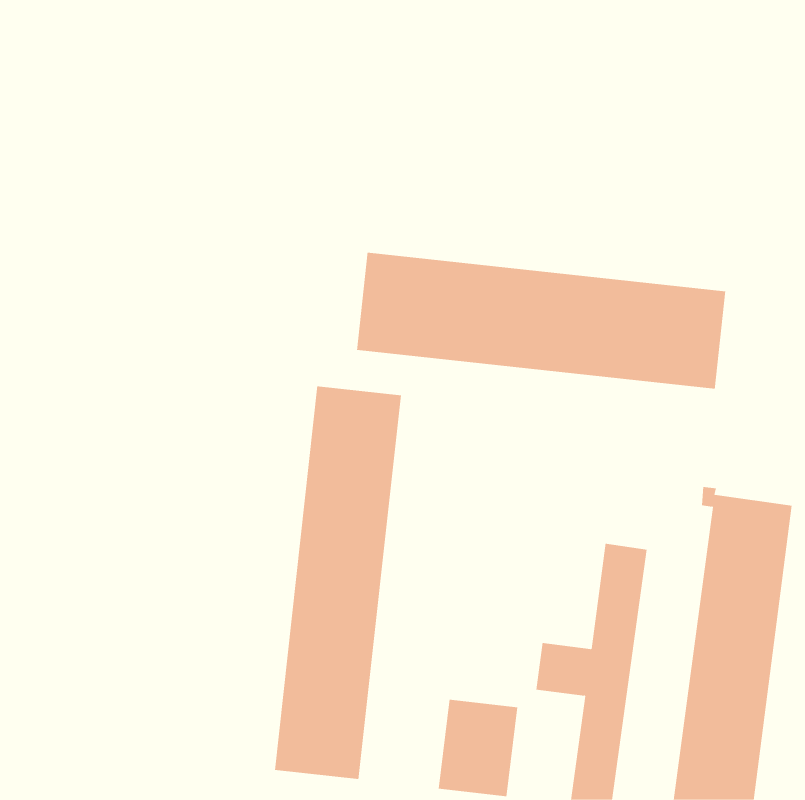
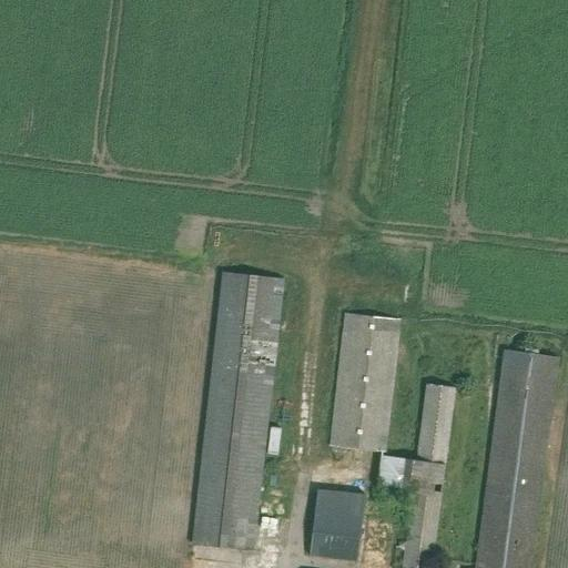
building: [356,252,726,389] -> none
building: none -> [329,312,400,450]

